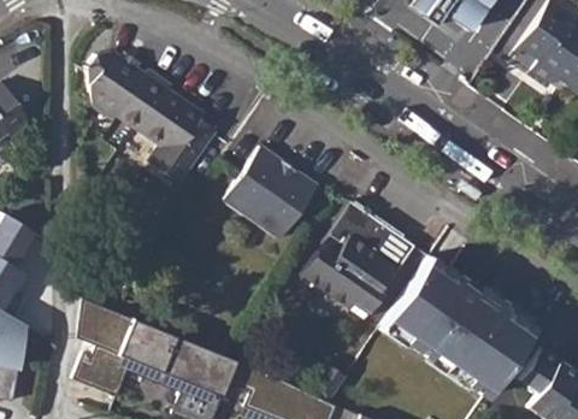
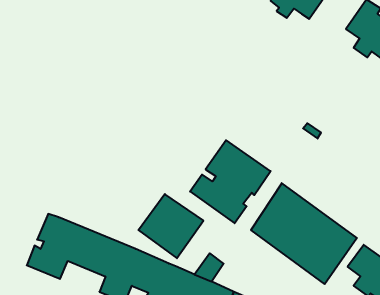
building: [89,51,217,184] -> none
building: [226,148,318,238] -> [138,194,203,258]

